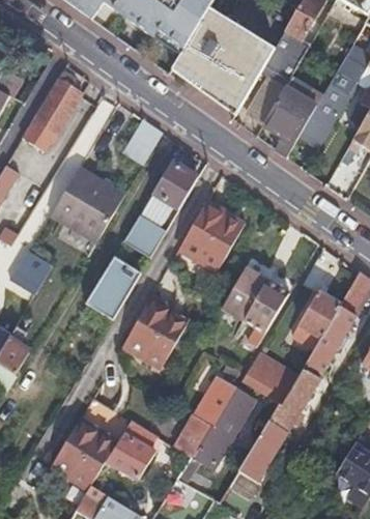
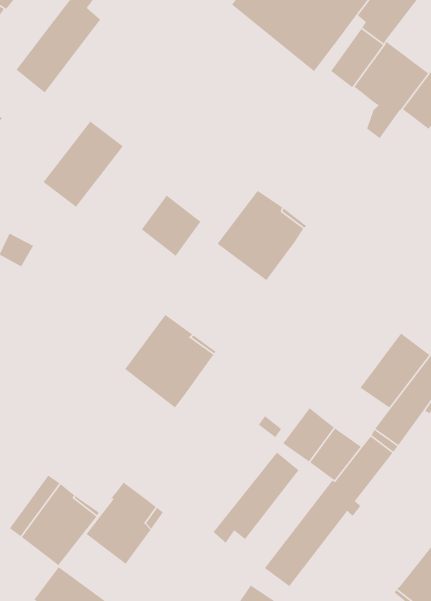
building: [122,119,163,165] -> none
building: [139,161,198,227] -> none
building: [76,182,125,242] -> none
building: [86,256,141,319] -> none
building: [222,268,288,346] -> none
building: [174,375,237,458] -> none

